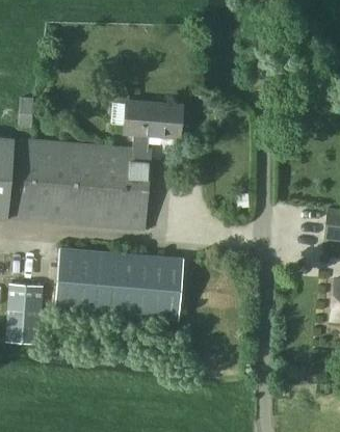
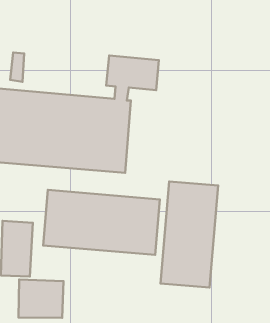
building: none -> [161,181,218,288]
building: none -> [18,280,64,318]

